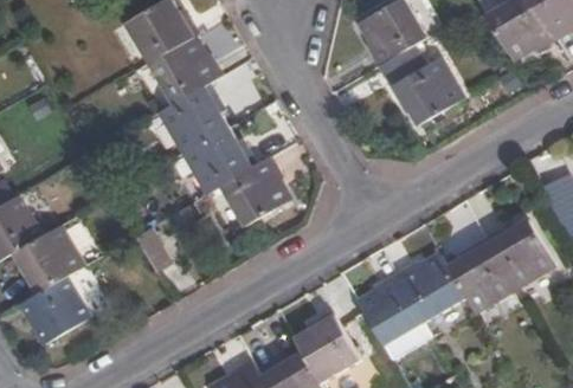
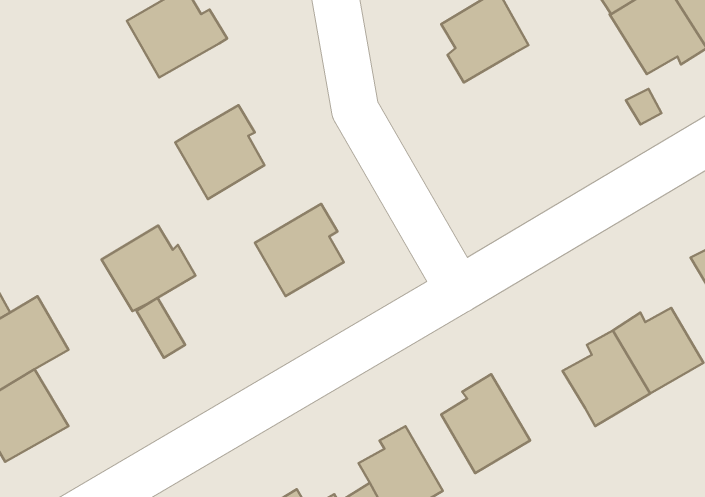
building: [153,37,225,102] -> none
building: [375,44,459,121] -> none
building: [188,125,257,188] -> [102,225,196,311]
building: [395,261,464,326] -> none

